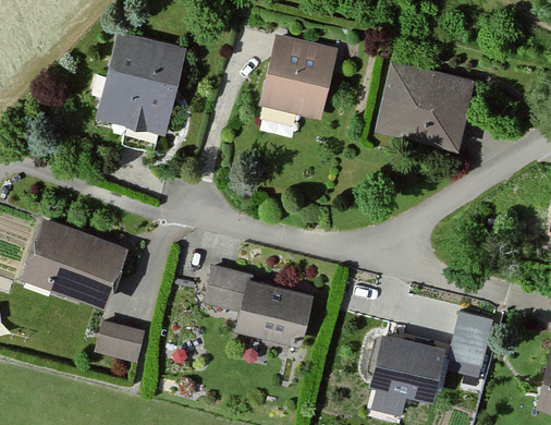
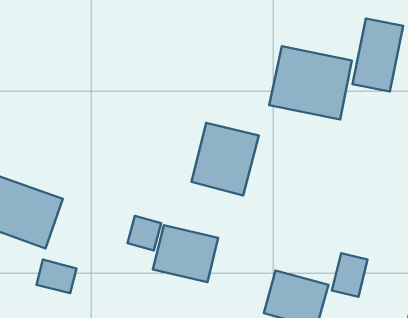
building: none -> [352,18,403,92]
building: [98,32,185,135] -> none
building: [258,36,339,123] -> [191,123,259,196]

